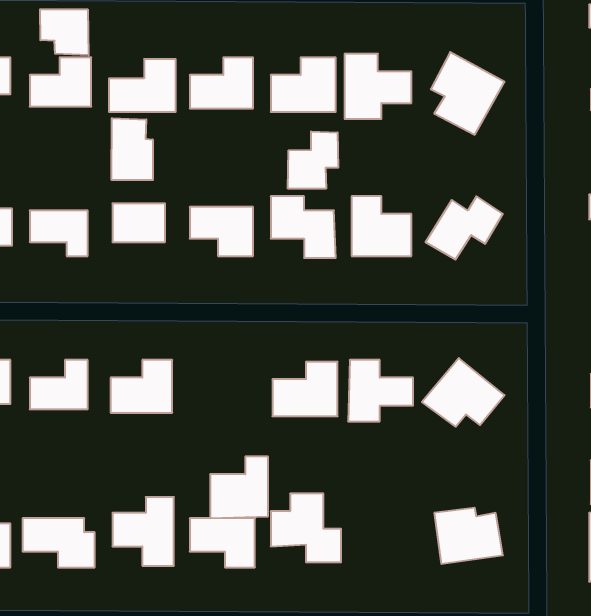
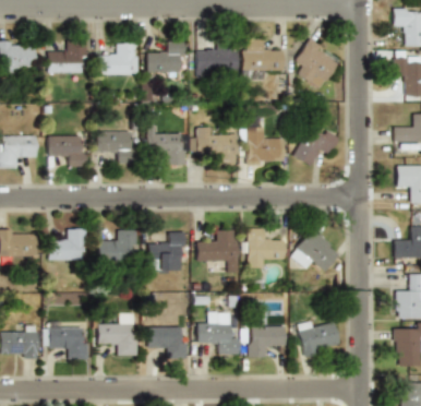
building: [40,9,89,55] -> none
building: [112,118,153,180] -> none
building: [288,131,338,189] -> none
building: [210,457,268,518] -> [148,232,184,271]
building: none -> [248,326,285,357]

